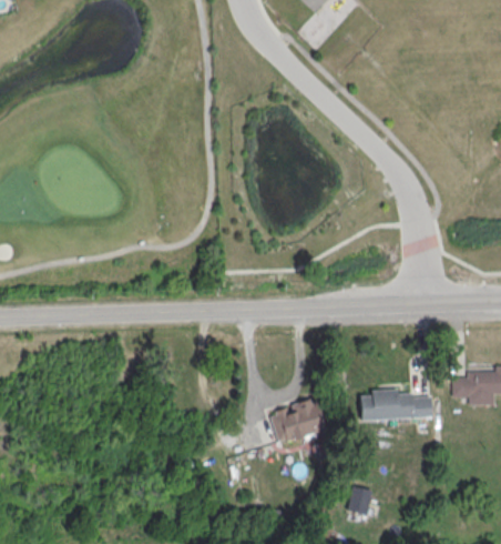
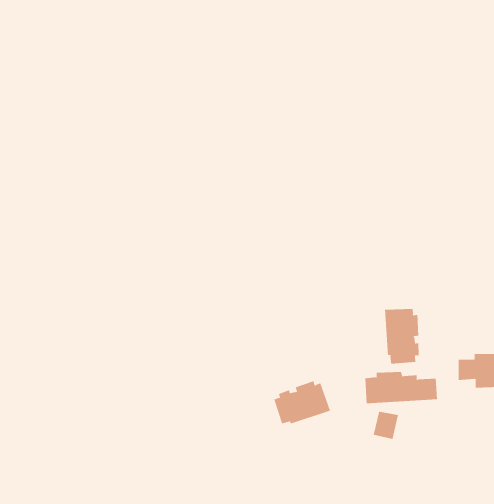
building: none -> [385,308,419,365]
building: [347,486,372,514] -> [373,411,399,439]

